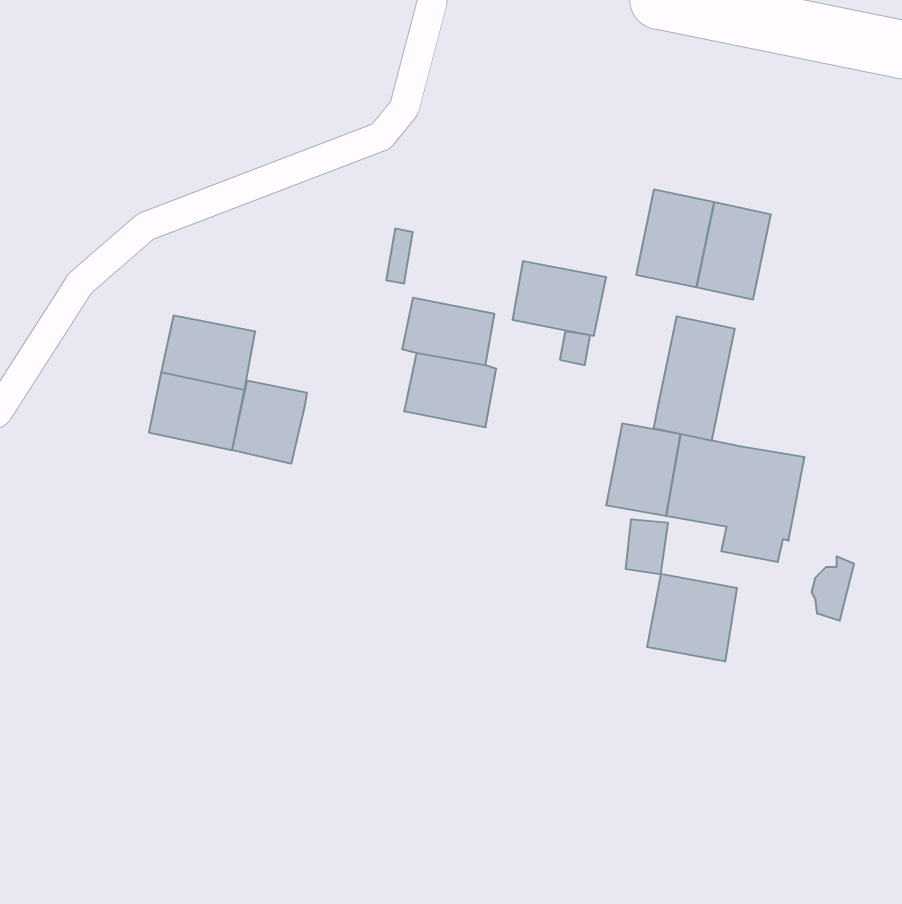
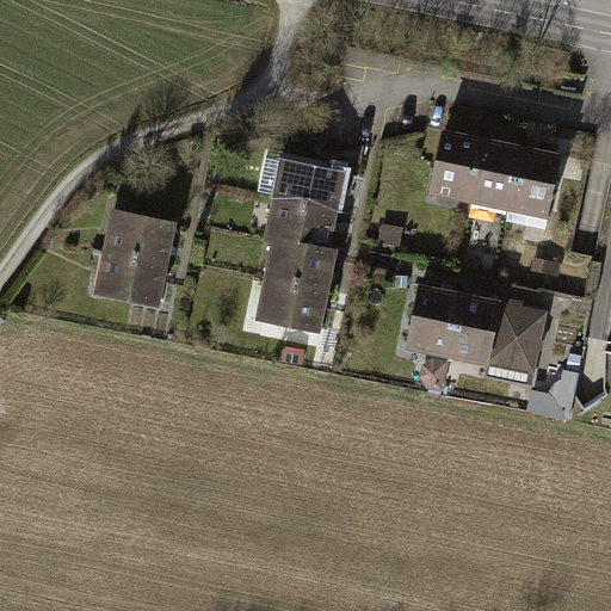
building: [512,261,606,336] -> [278,162,341,212]
building: [653,316,735,441] -> [504,146,558,229]
building: [232,380,307,464] -> none
building: none -> [264,278,327,331]
building: [647,574,737,662] -> none

